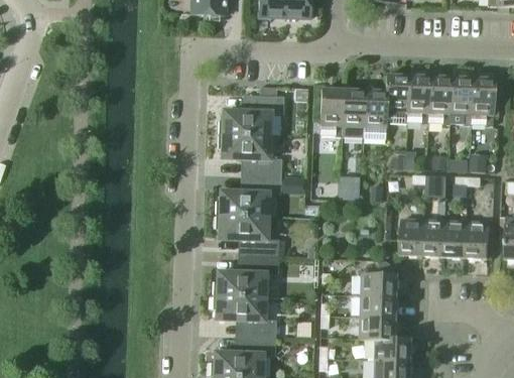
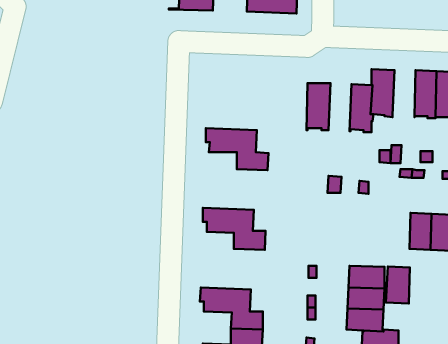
building: [407,75,430,122] -> none
building: [219,87,284,135] -> none
building: [343,88,366,136] -> none
building: [216,174,281,216] -> none
building: [401,218,425,255] -> [386,267,410,303]
building: [214,255,278,296] -> none

